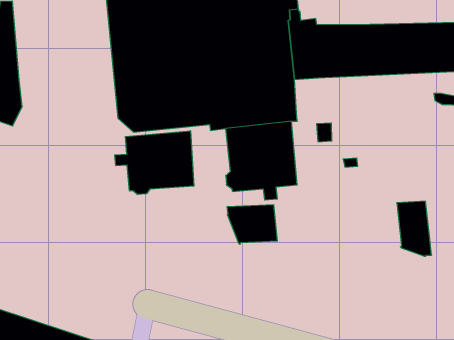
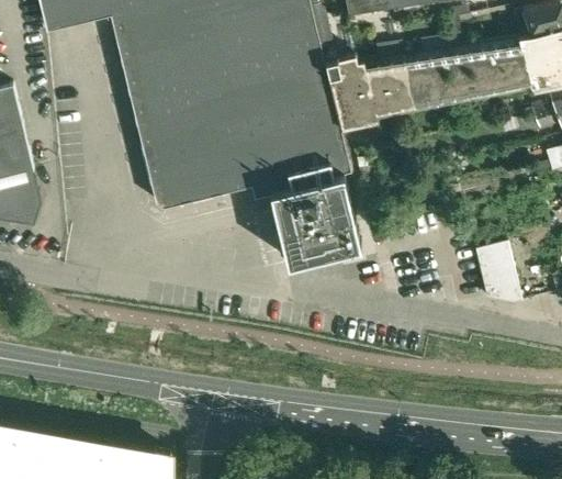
building: [115,131,194,195] -> none
building: [227,205,277,244] -> none

